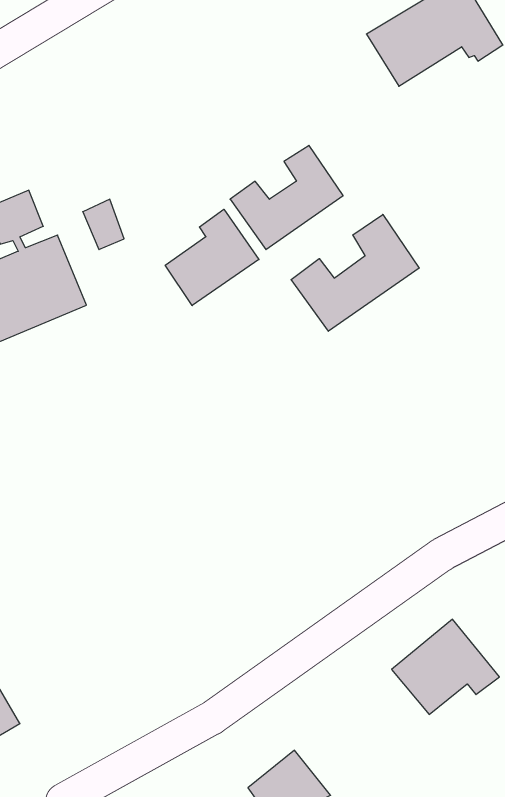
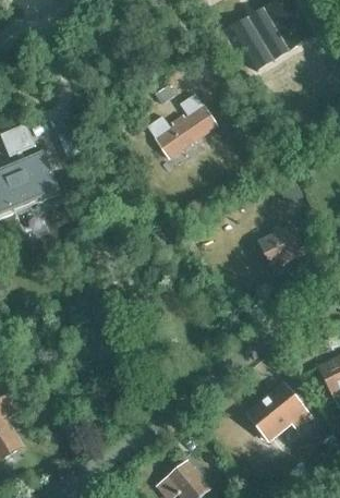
building: [165,209,259,306] -> none
building: [291,214,419,331] -> none
building: none -> [257,223,304,268]

